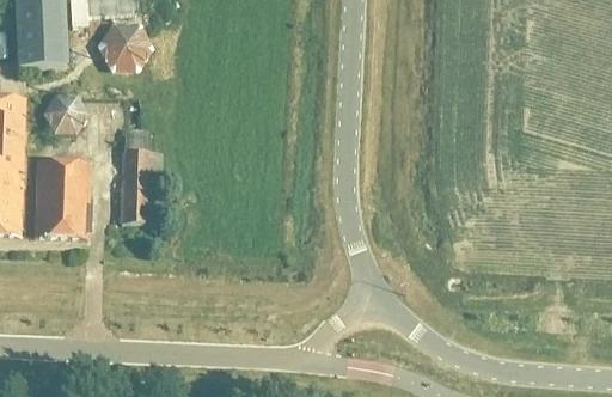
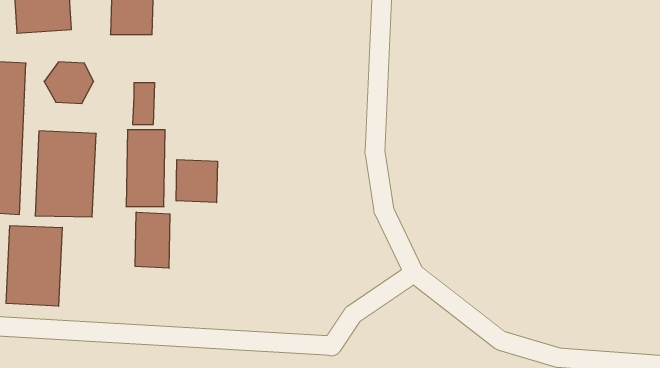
building: none -> [176,160,217,203]
building: none -> [135,212,170,268]
building: none -> [6,226,62,306]

